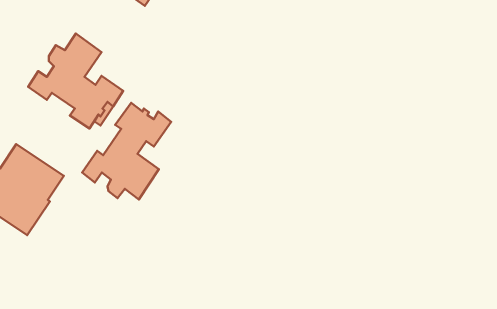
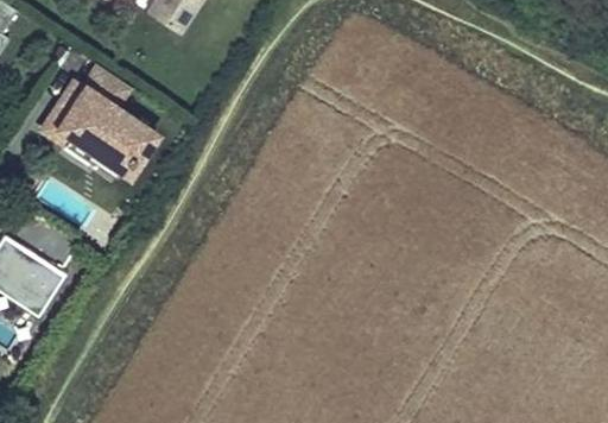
building: [82,103,171,200] -> none

